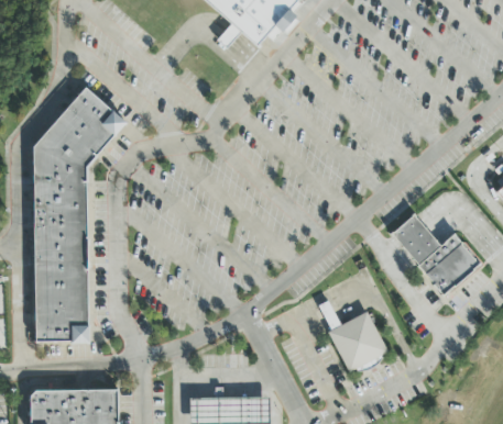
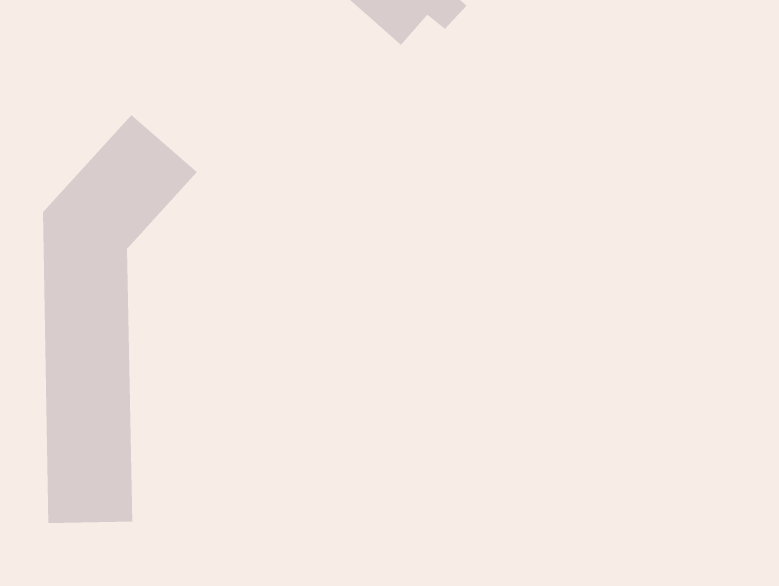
building: [391,212,481,294] -> none
building: [327,309,389,371] -> none

